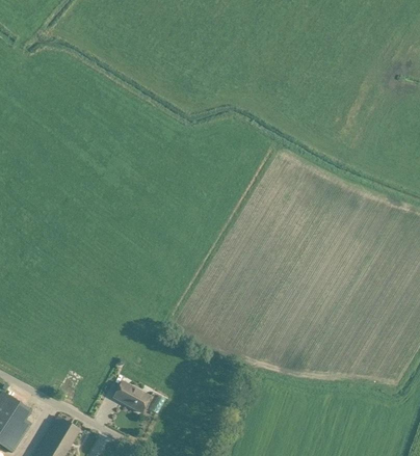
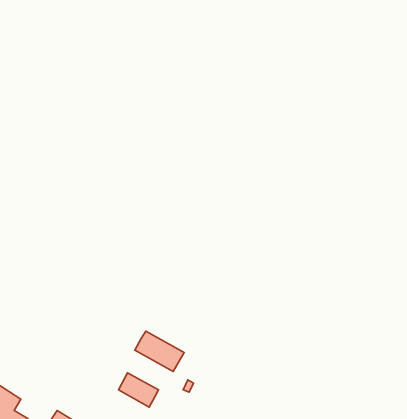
building: none -> [135,331,184,371]

